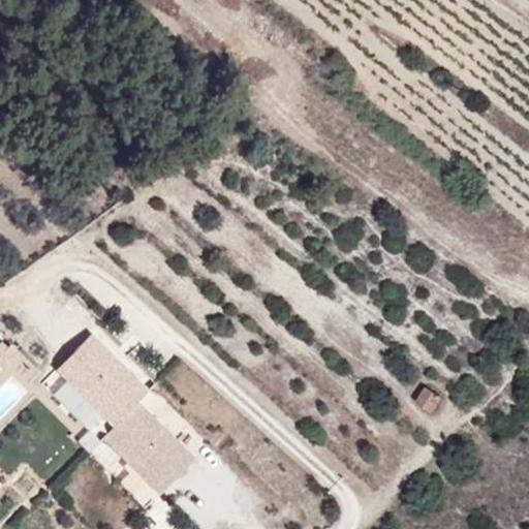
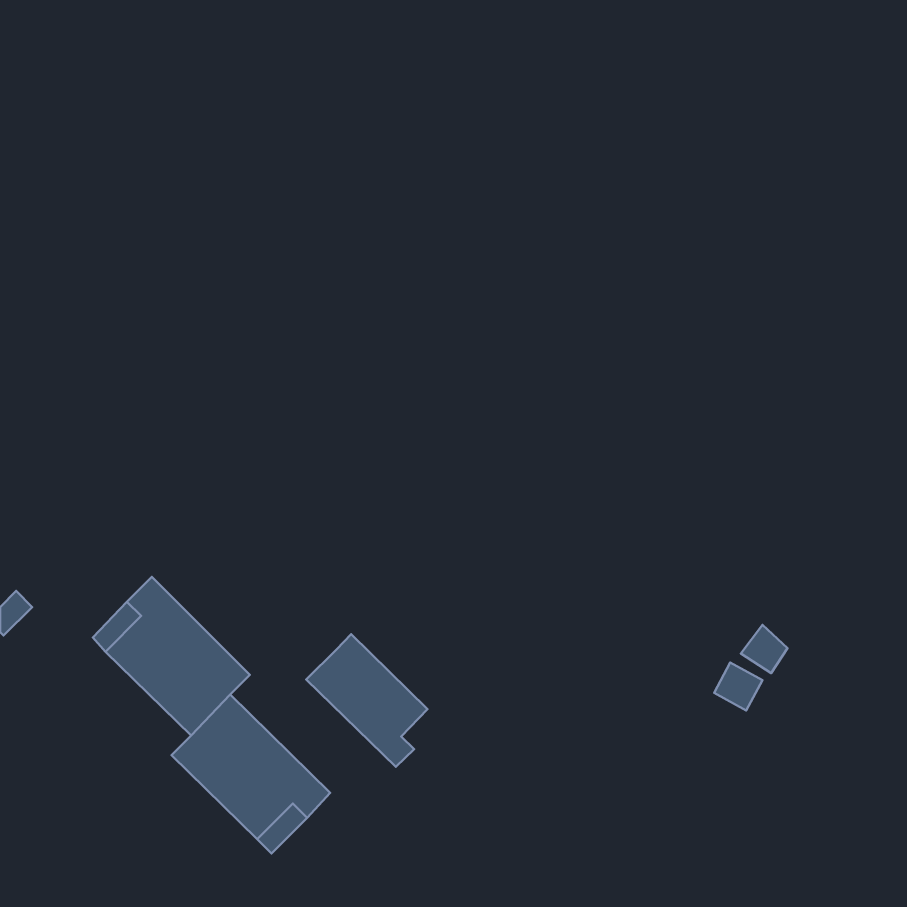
building: none -> [306,634,427,767]

